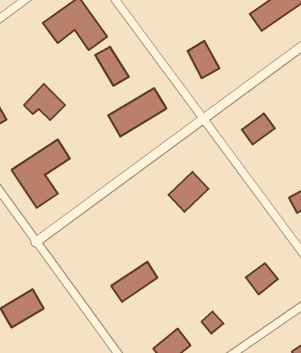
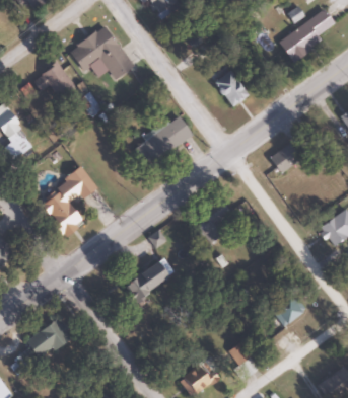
building: [95,47,129,86] -> none
building: [24,84,65,120] -> [34,62,76,98]
building: [111,262,157,302] -> [123,261,169,302]

